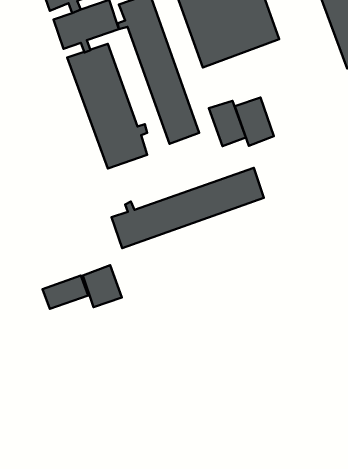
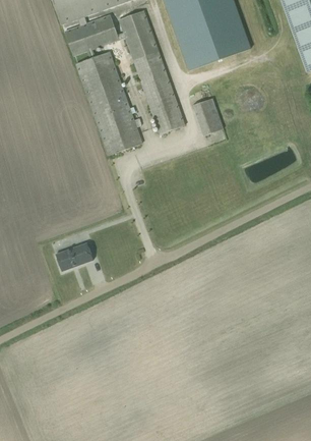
building: [235,97,274,146] -> none
building: [111,168,264,248] -> none
building: [83,265,122,307] -> none

